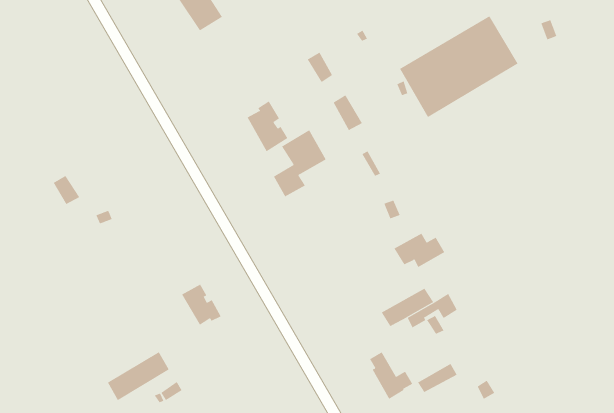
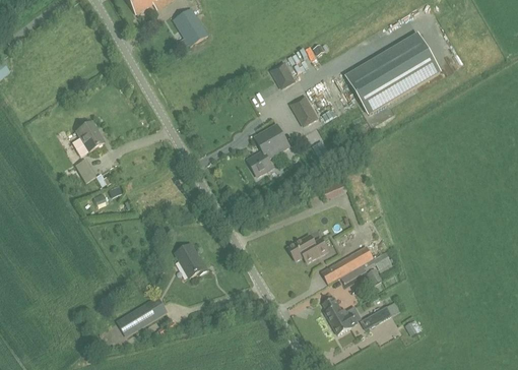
building: [247,101,288,152] -> none
building: none -> [75,121,104,150]
building: [393,233,445,268] -> [286,235,327,262]

